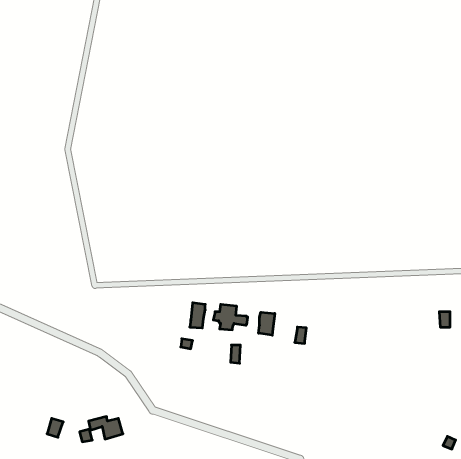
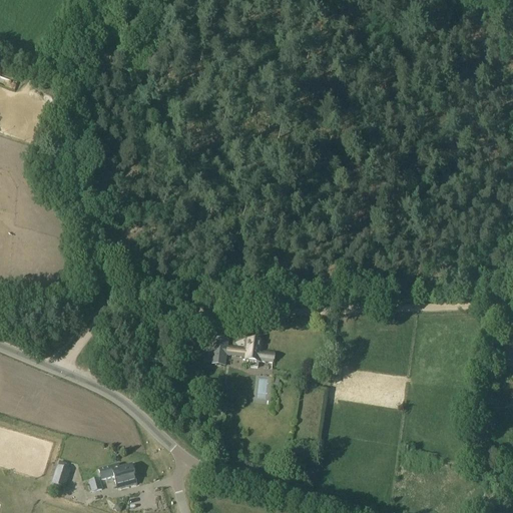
building: [259,312,275,335] -> none

